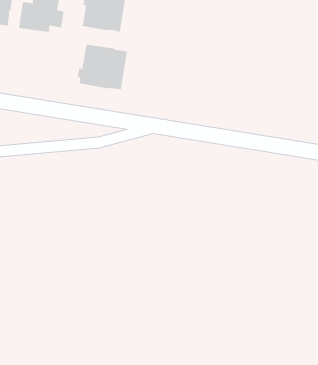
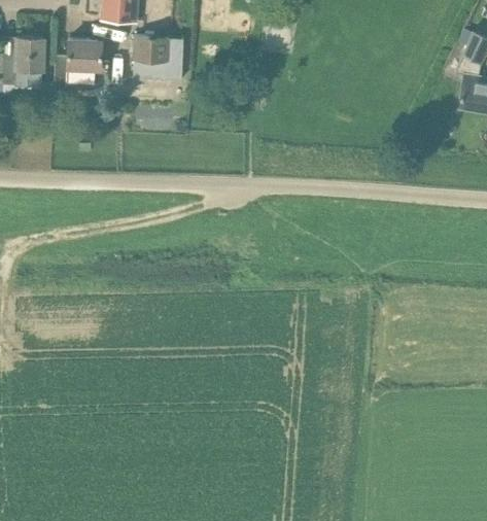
building: [77,44,128,90] -> none

